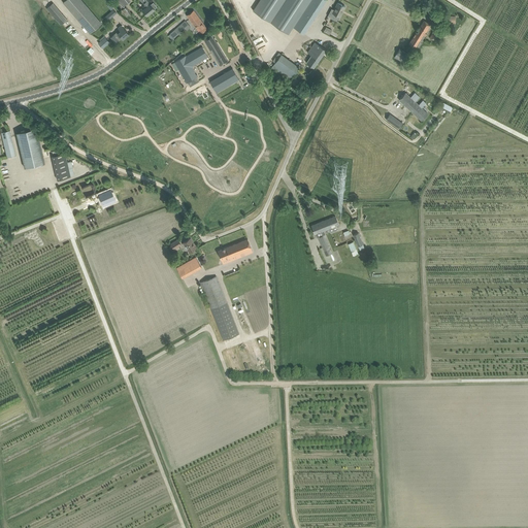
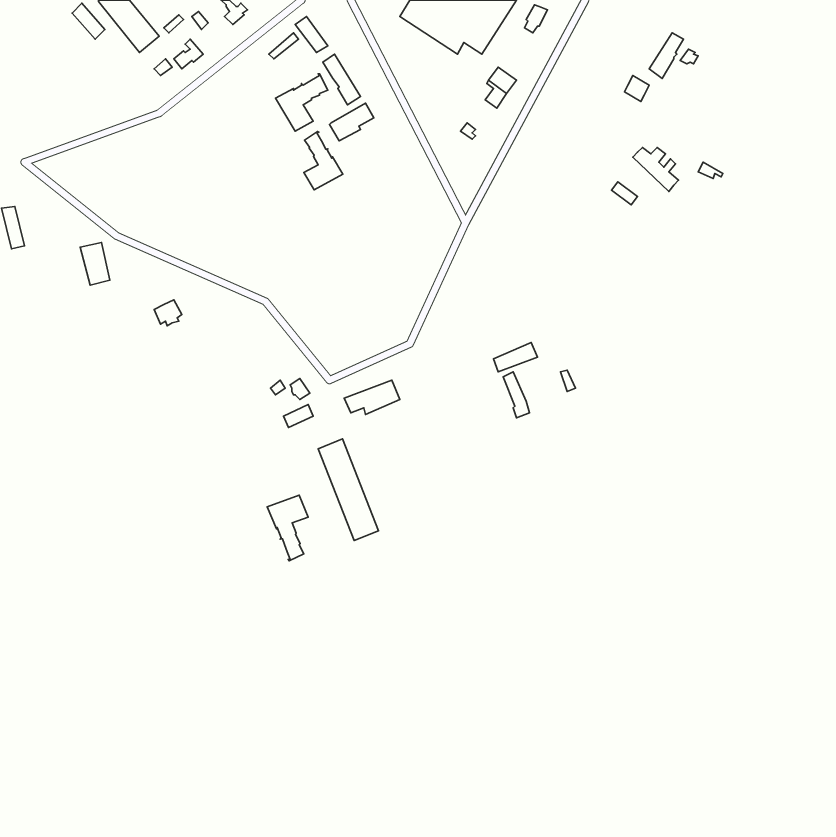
building: [271,53,298,80] -> none
building: none -> [304,131,343,190]
building: [15,127,43,167] -> none
building: none -> [267,495,308,561]

